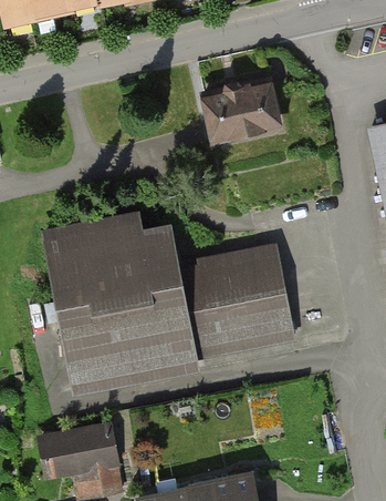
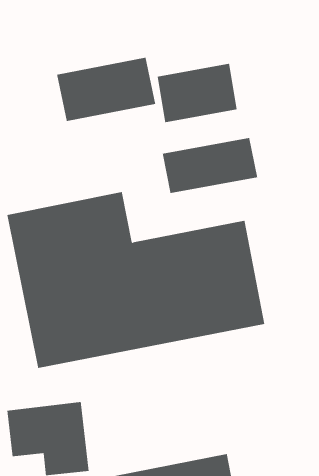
building: none -> [56,57,156,122]
building: none -> [162,137,258,194]

